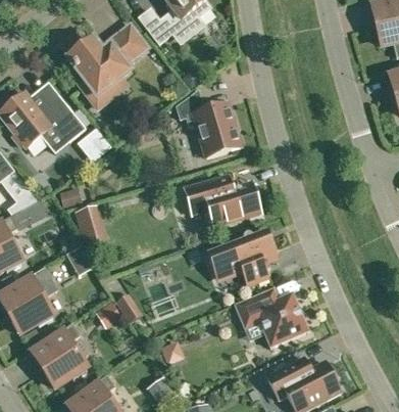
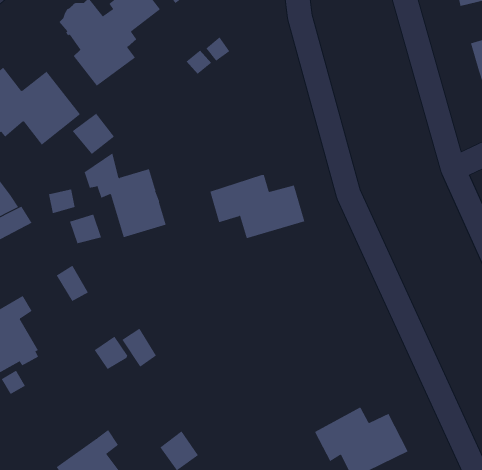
building: [176,90,240,156] -> [84,153,166,238]
building: [206,229,278,286] -> none
building: [234,286,308,347] -> none
building: [30,322,86,385] -> none

